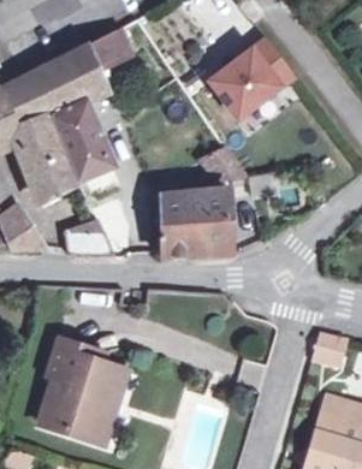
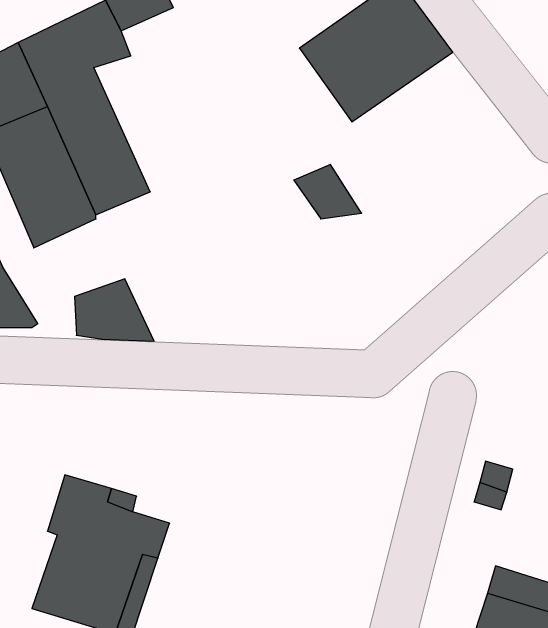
building: [160,188,230,256] -> none

